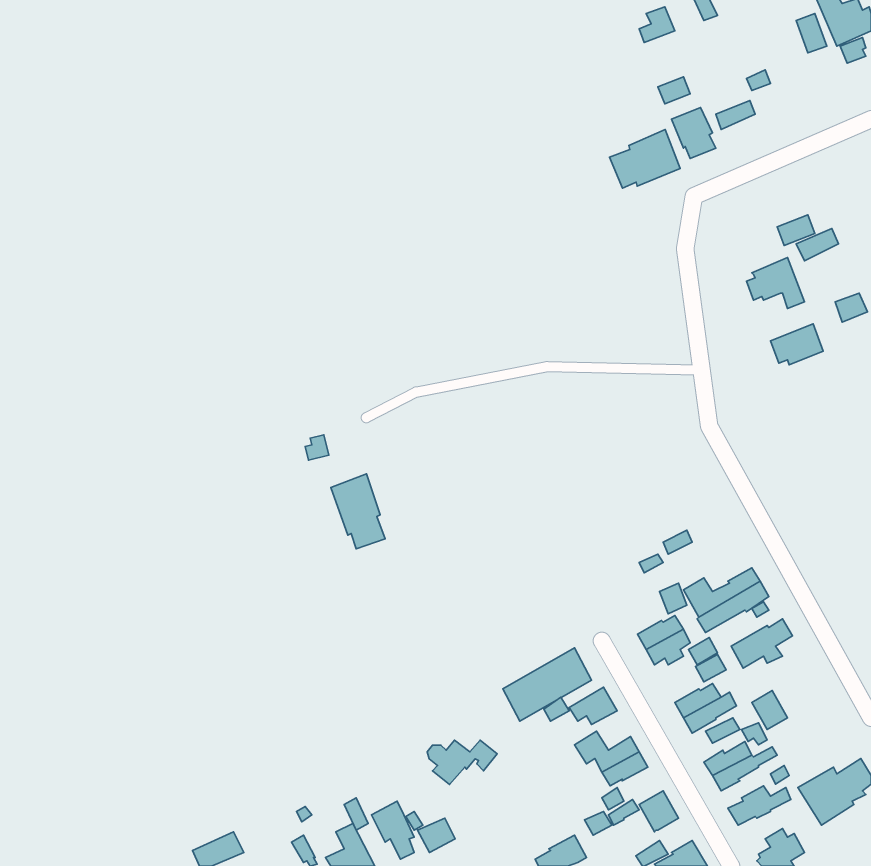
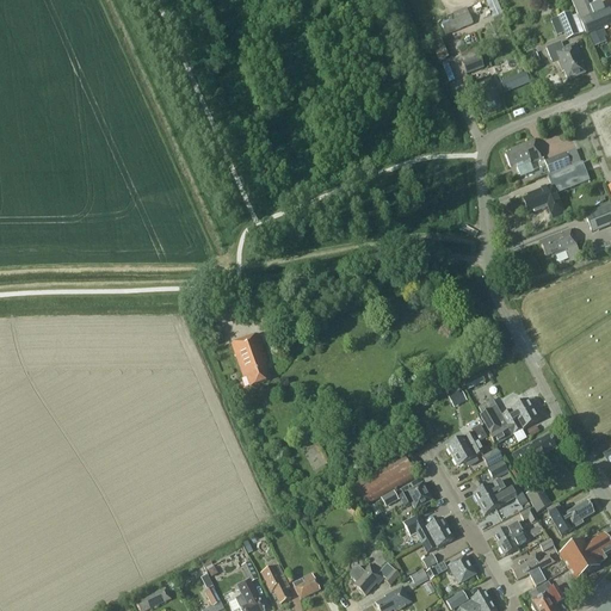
building: none -> [545,39,585,78]
building: [610,129,680,188] -> none
building: none -> [505,137,541,166]
building: none -> [549,499,593,533]
building: [427,740,497,784] -> [350,562,399,593]

